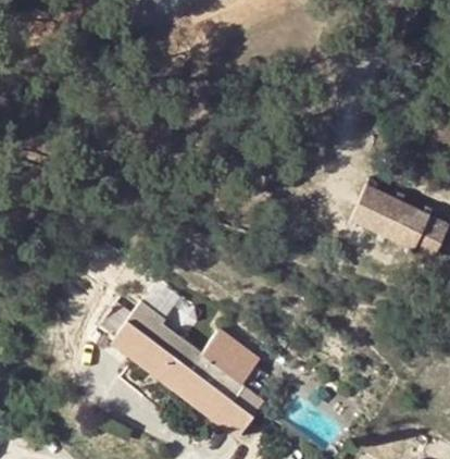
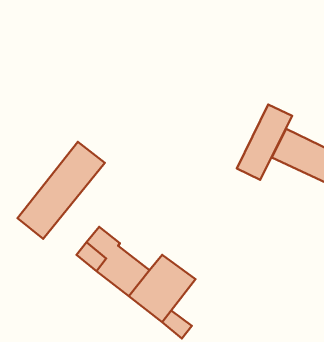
building: none -> [237,104,292,180]
building: none -> [17,142,105,239]

